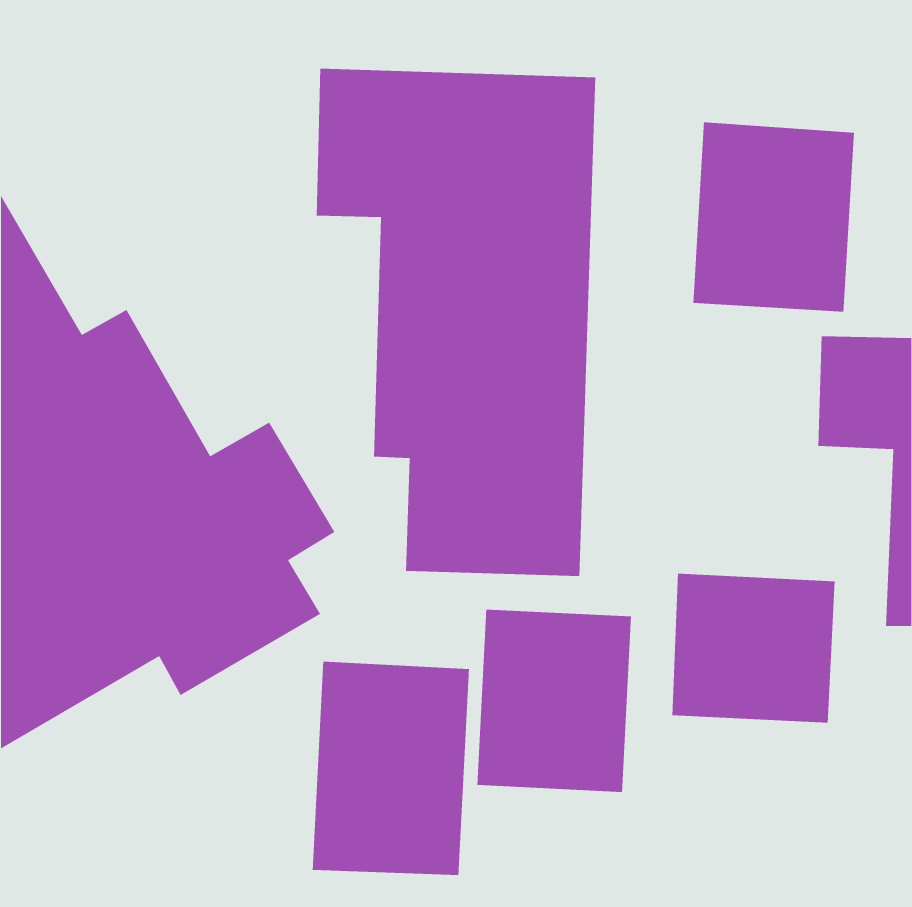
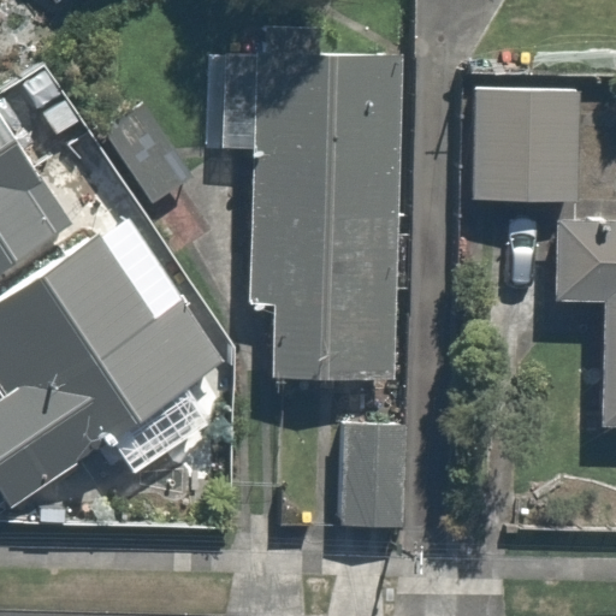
building: [672,573,836,724] -> none
building: [312,661,470,876] -> none

